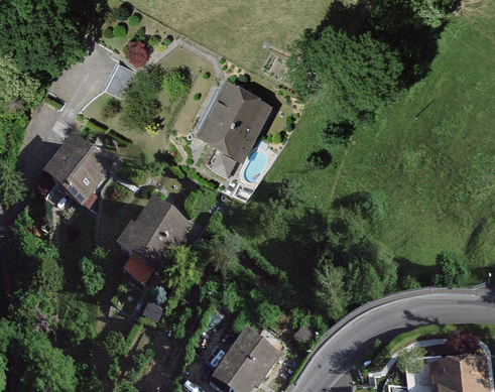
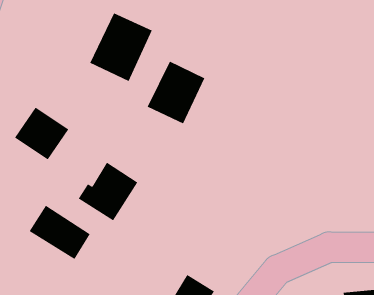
building: none -> [90,12,153,82]
building: none -> [29,205,91,260]

